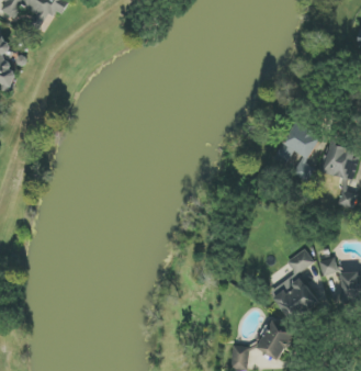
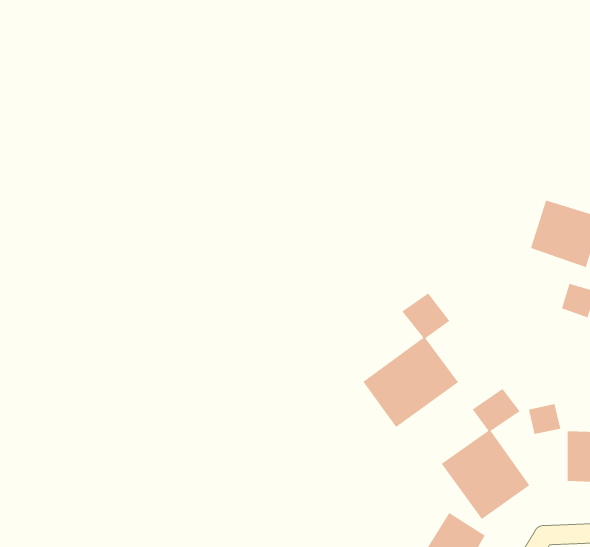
building: [283,121,320,182] -> none
building: none -> [362,293,459,428]

